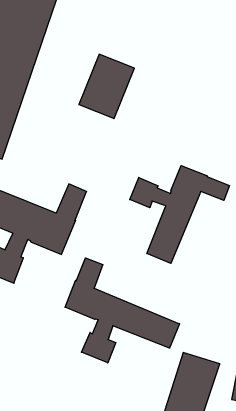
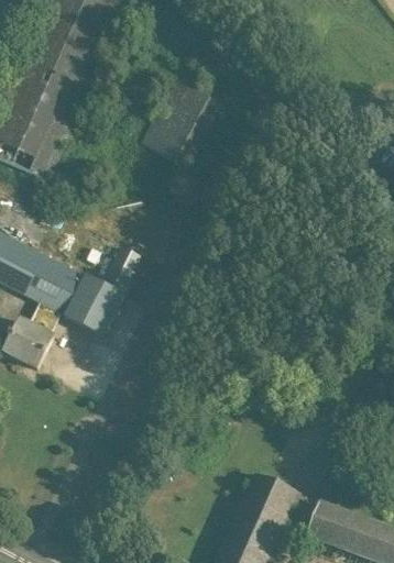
building: [130,166,229,263] -> none
building: [65,258,180,363] -> none

